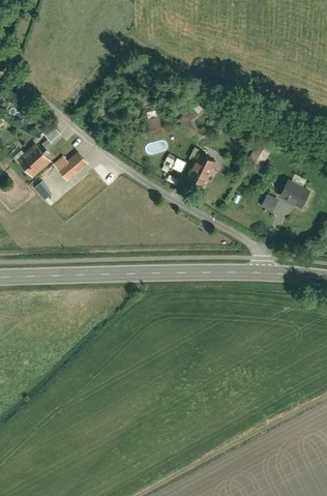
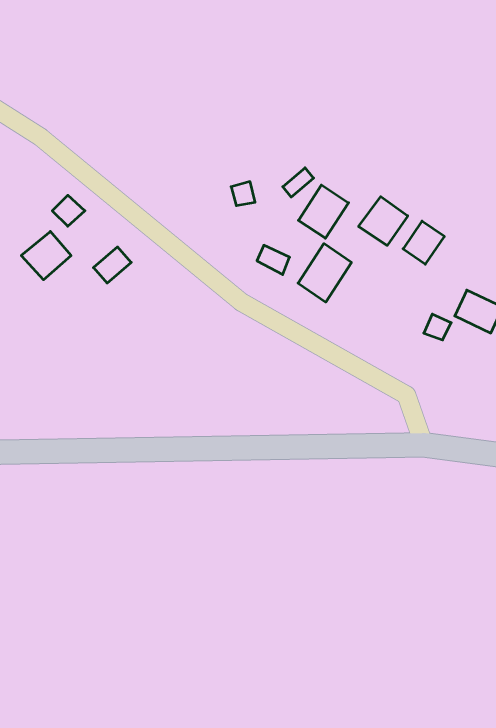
building: none -> [298,185,349,238]
building: none -> [359,197,408,245]

